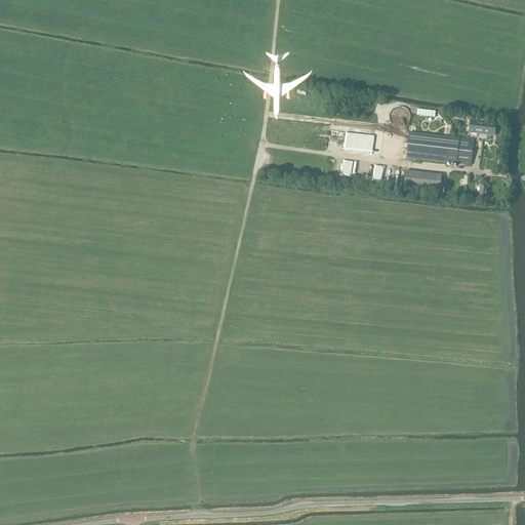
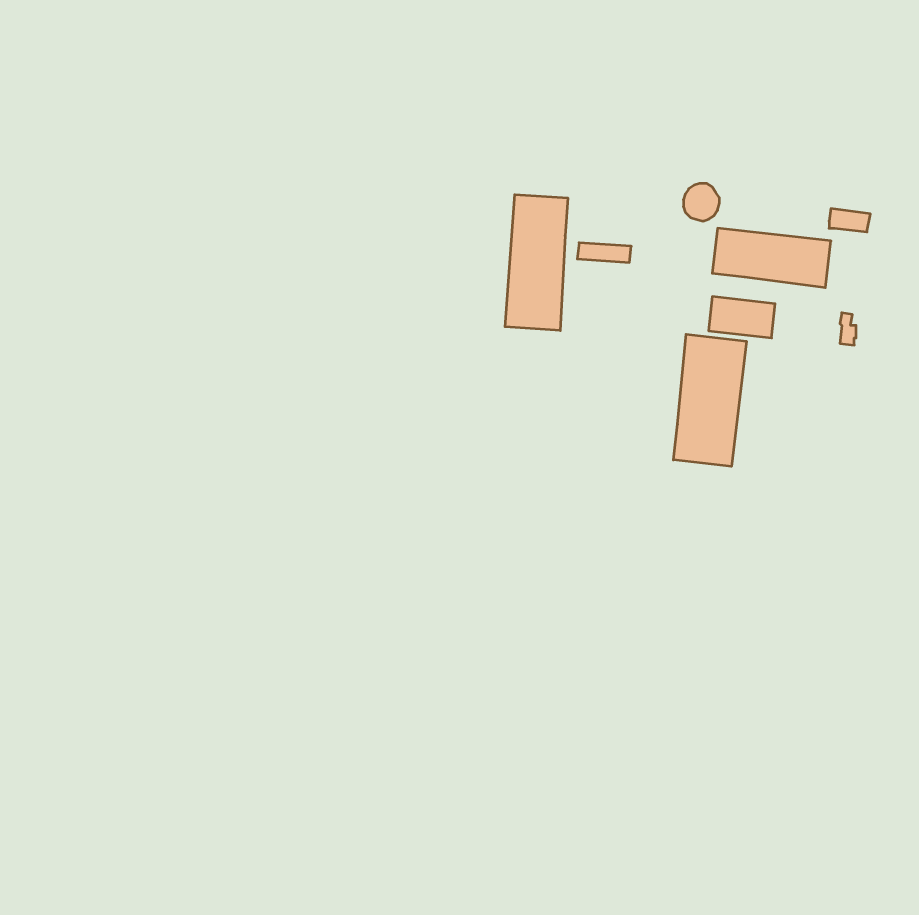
building: none -> [505,195,568,331]
building: none -> [673,334,746,466]

